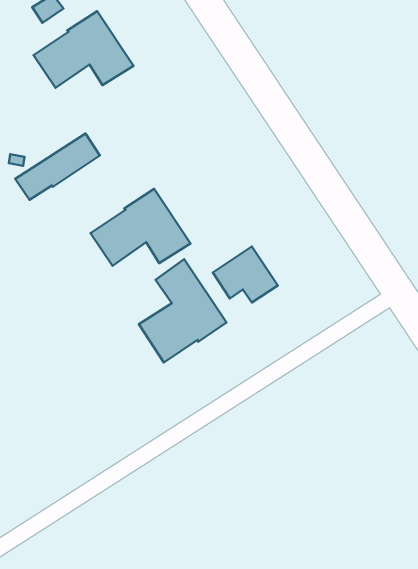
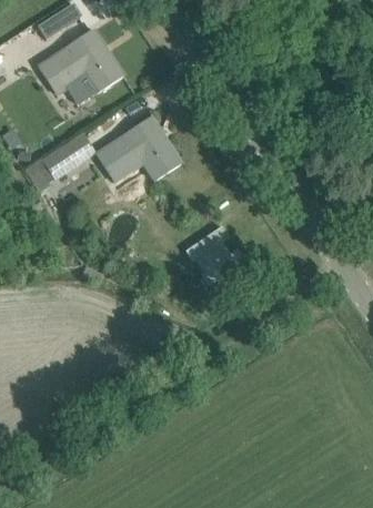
building: [90,189,191,266] -> [95,116,181,182]
building: [139,259,226,362] -> none

